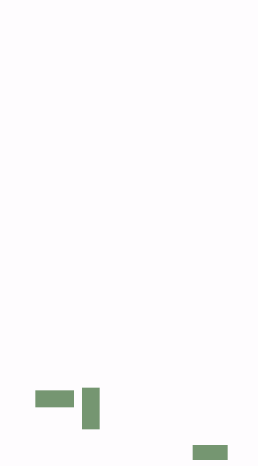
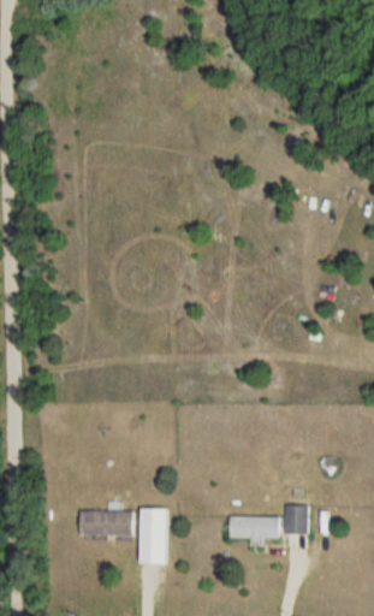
building: none -> [284,504,307,533]
building: [192,444,229,461] -> [228,516,277,538]

